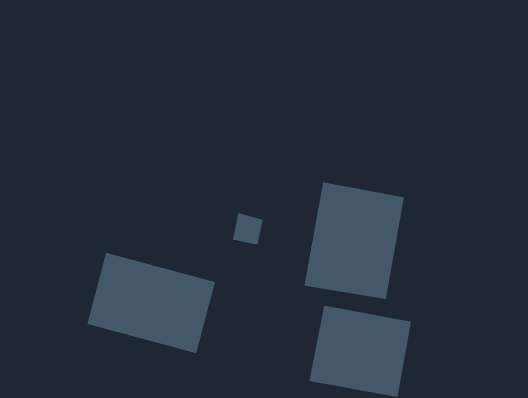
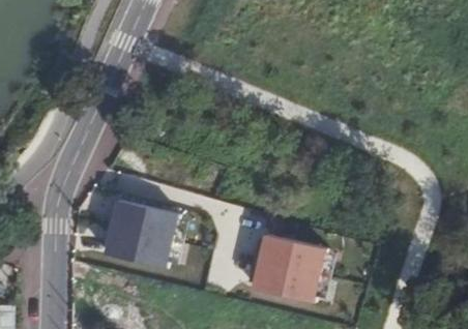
building: [304,182,405,300] -> none

